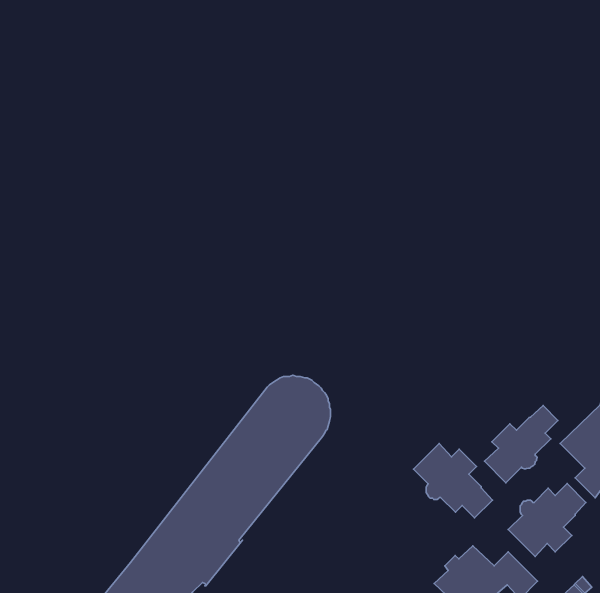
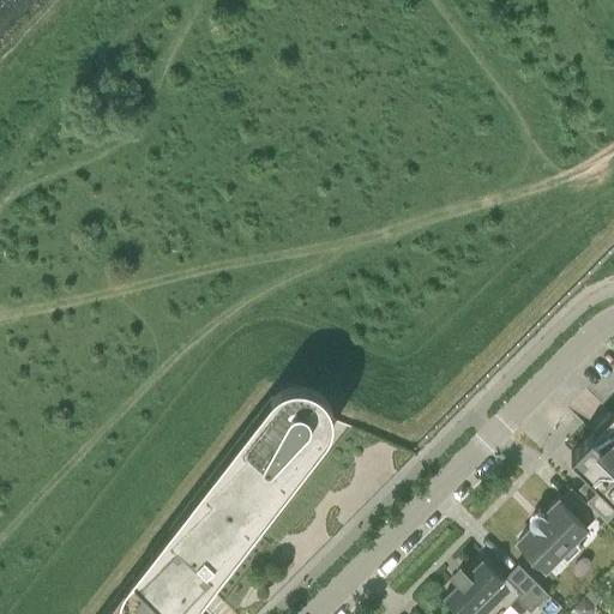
building: [485,406,558,483] -> none
building: [413,443,492,518] -> none

